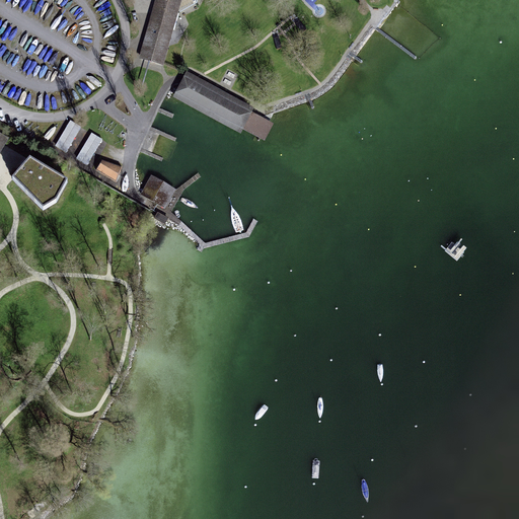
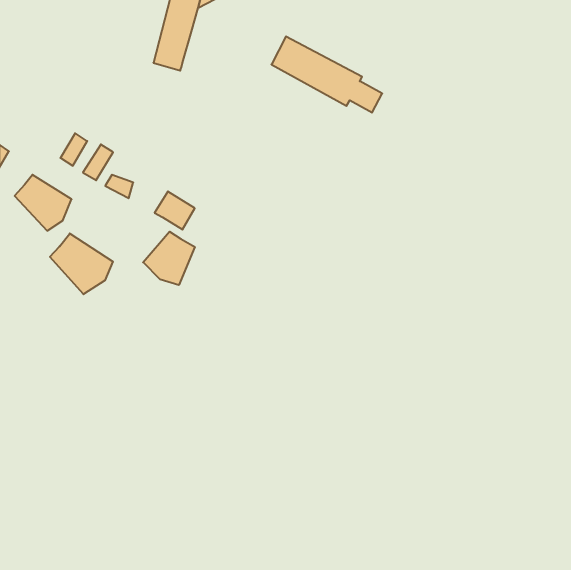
building: [173,70,274,139] -> [271,36,382,113]
building: none -> [143,232,195,285]
building: none -> [50,233,113,294]

